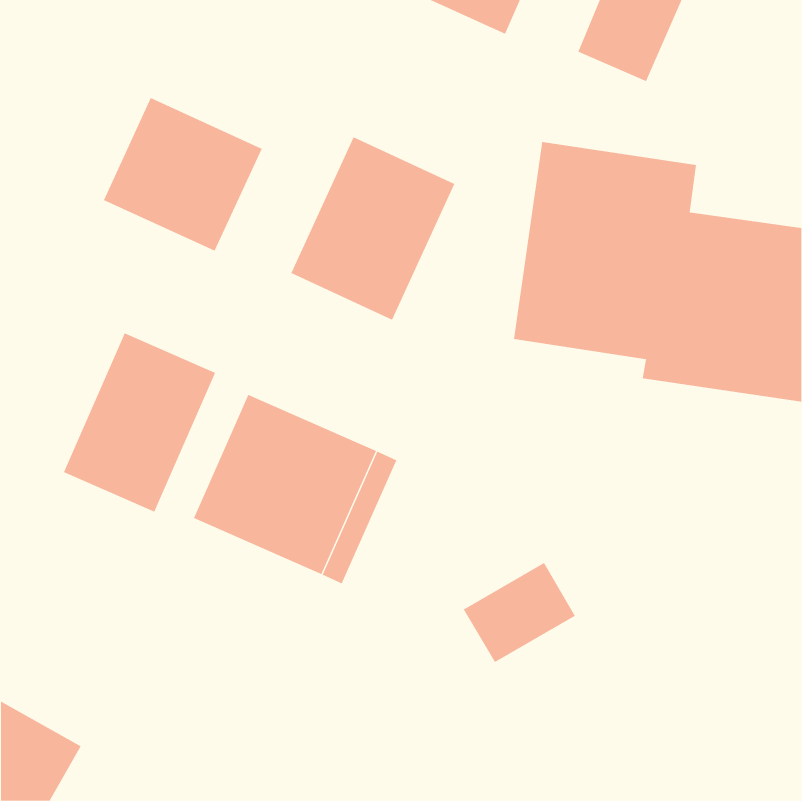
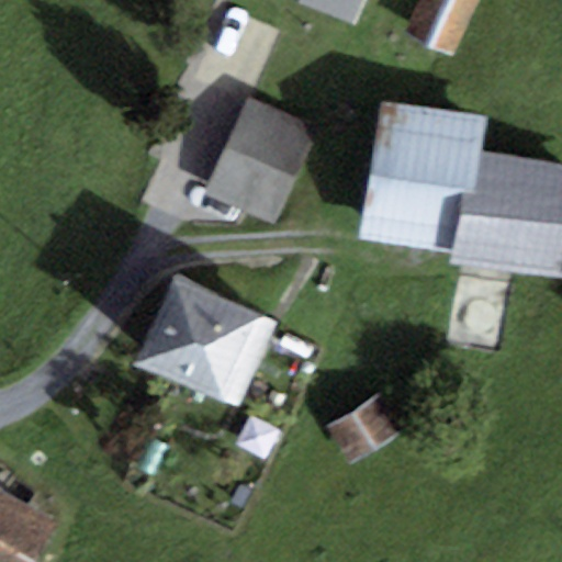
building: [103,97,262,252] -> none
building: [63,332,216,512] -> none

